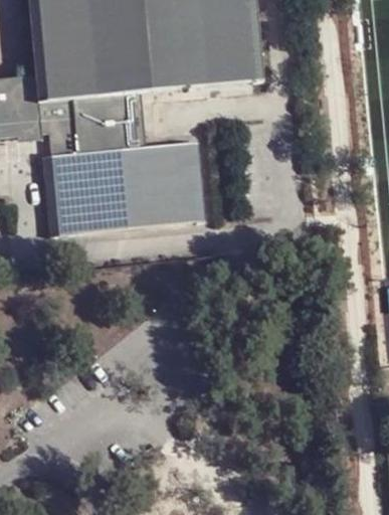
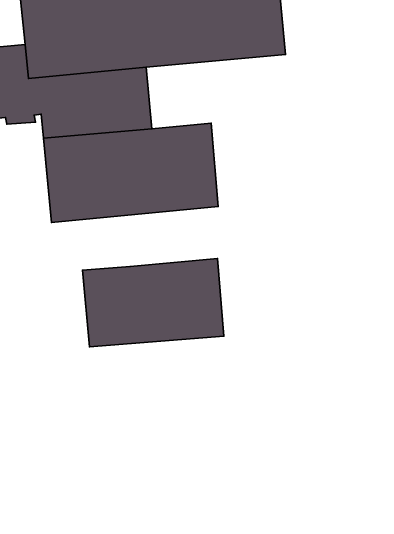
building: none -> [82,258,224,347]

